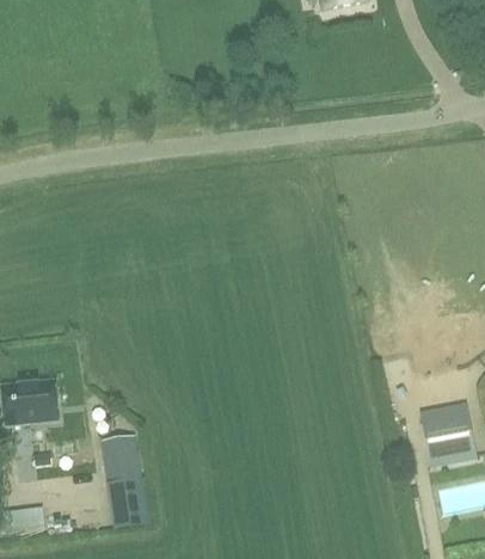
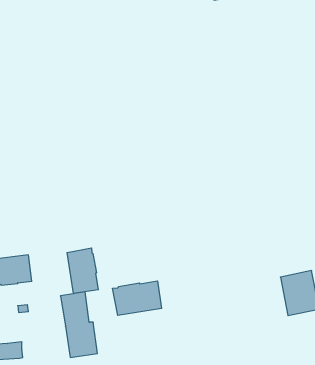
building: none -> [67,248,98,294]
building: none -> [113,281,162,315]

